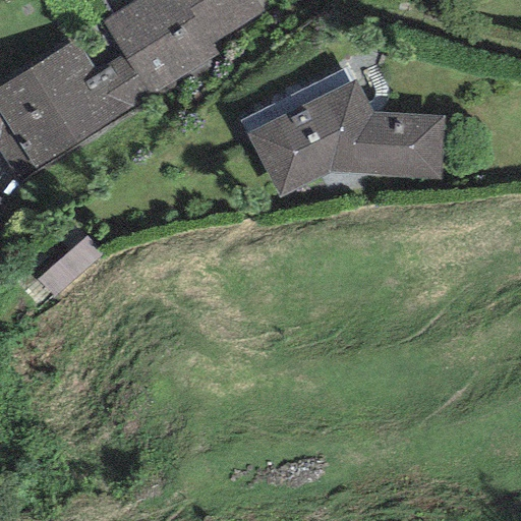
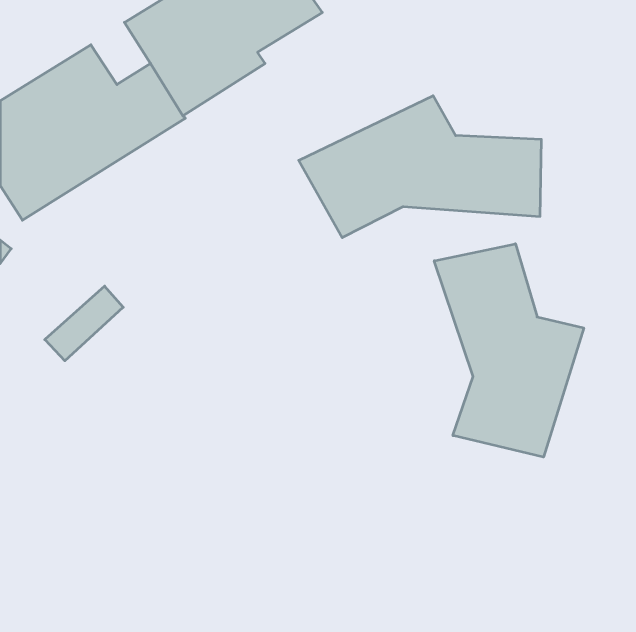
building: none -> [434,244,584,457]

